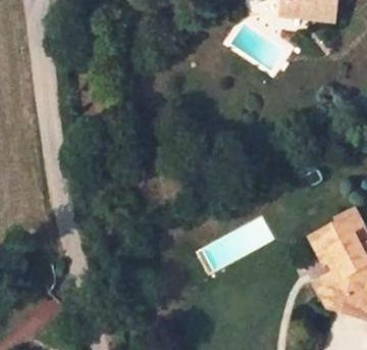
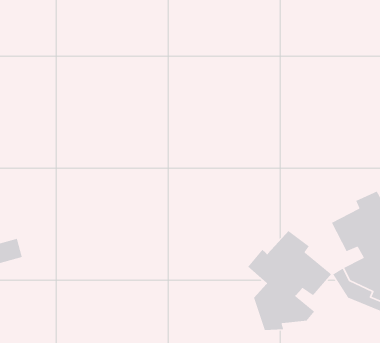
building: none -> [247,230,332,331]

